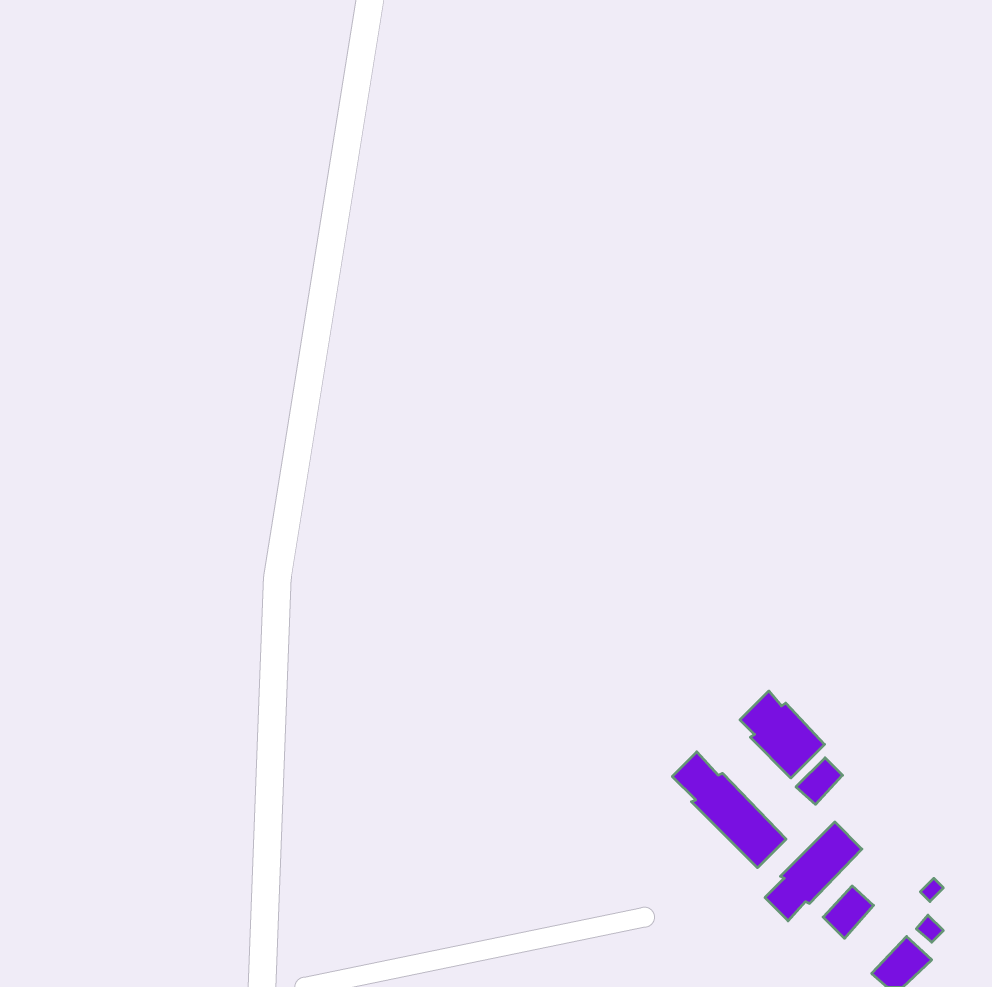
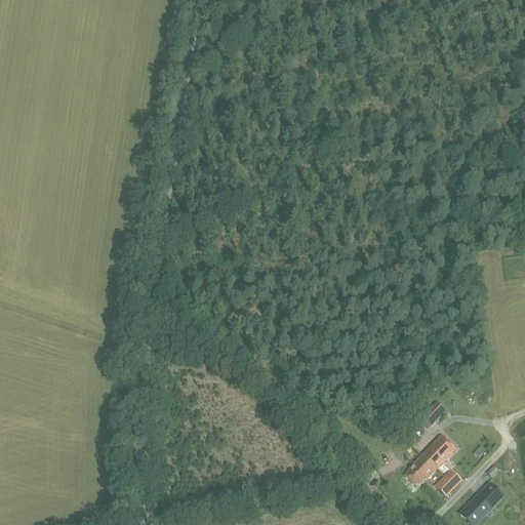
building: [740,691,825,778] -> none
building: [672,752,786,868] -> none

